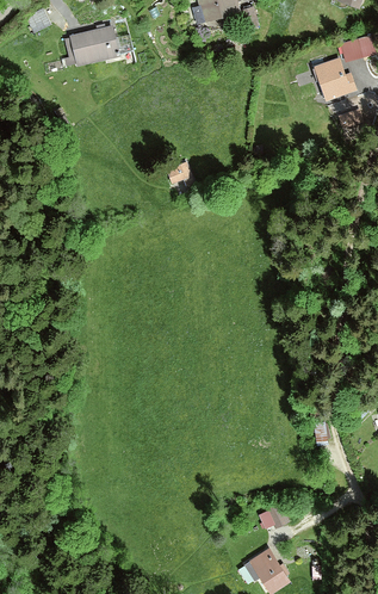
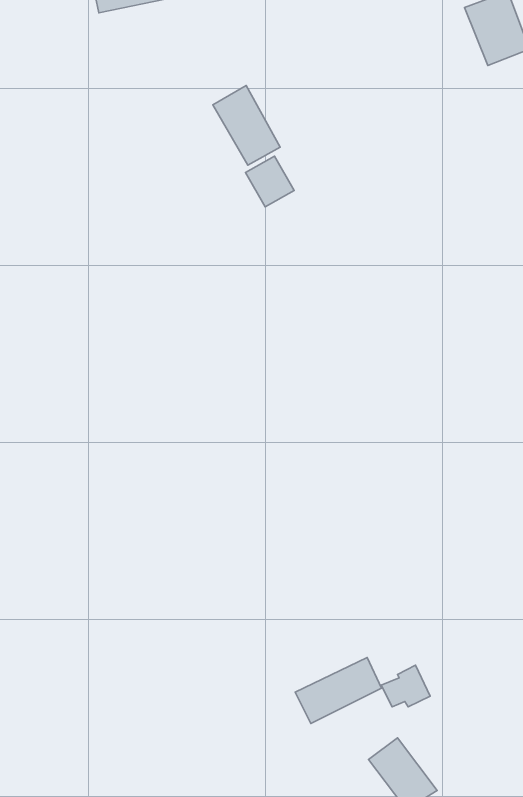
building: none -> [213,86,280,165]
building: none -> [295,658,382,724]

